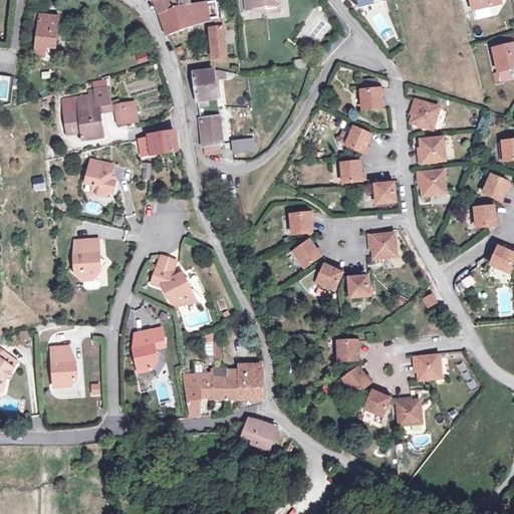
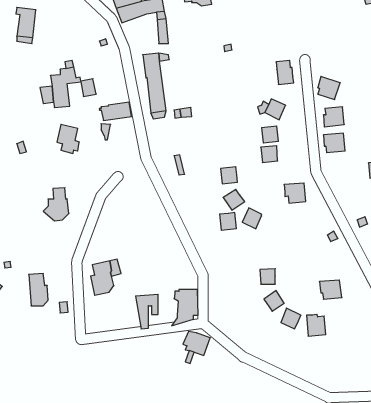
building: [374,182,396,203] -> [261,146,278,163]
building: [150,266,190,302] -> none
building: [348,274,369,296] -> [220,213,236,230]
building: [212,370,237,398] -> none

